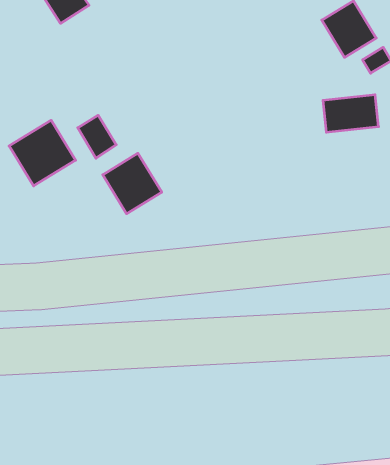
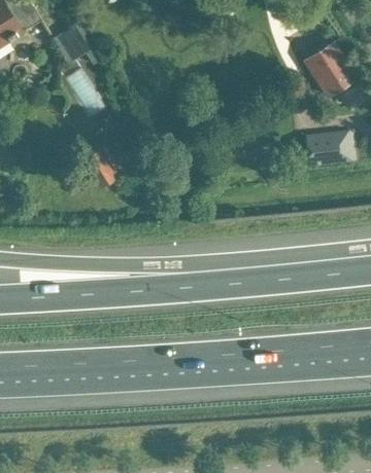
building: [9,120,76,186] -> none
building: [103,153,162,214] -> none

